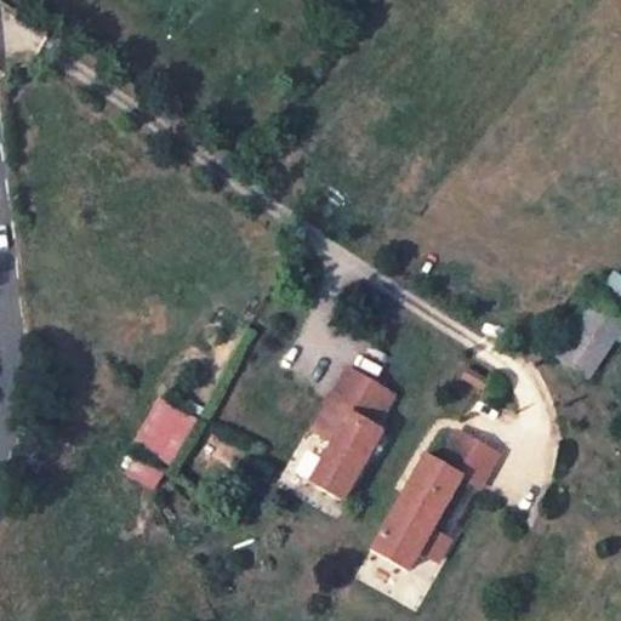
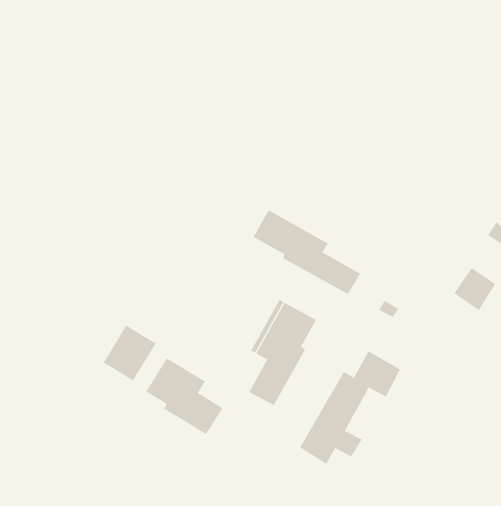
building: none -> [253,210,361,295]
building: none -> [146,357,223,435]

